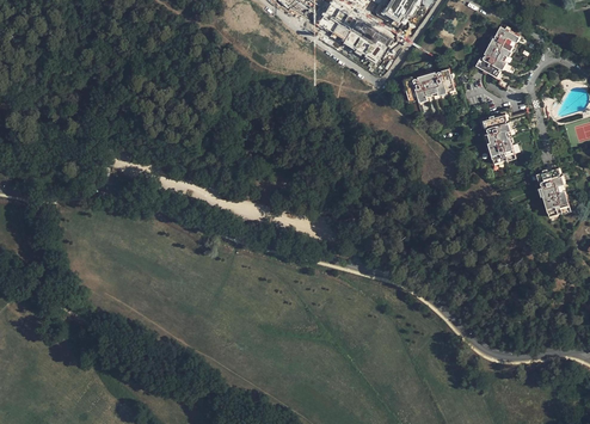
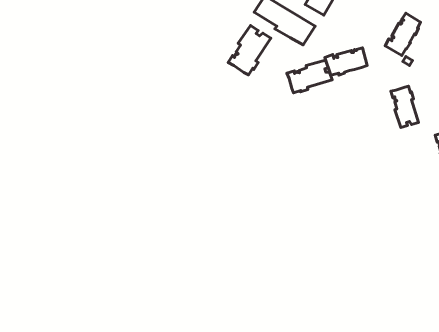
building: none -> [228,26,271,75]
building: none -> [287,60,332,93]

